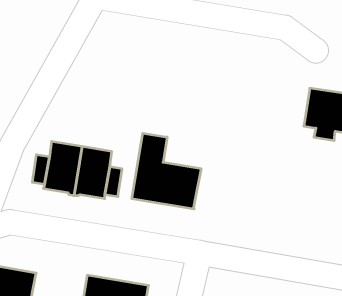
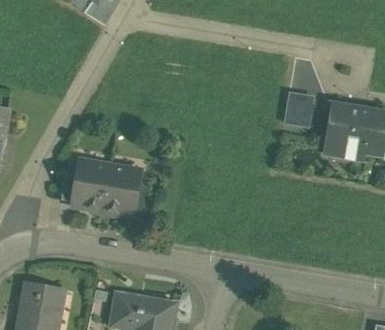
building: none -> [284,94,312,126]
building: [132,133,201,209] -> none

